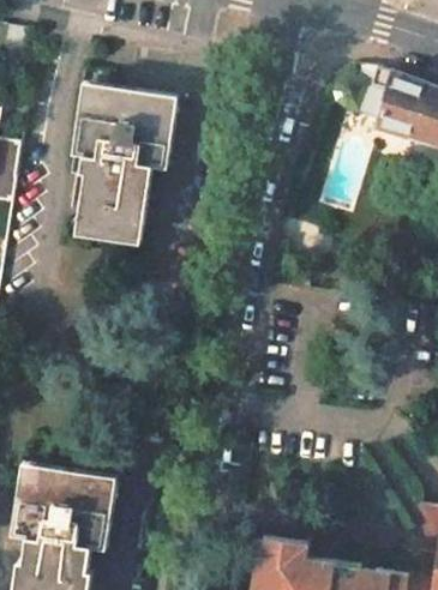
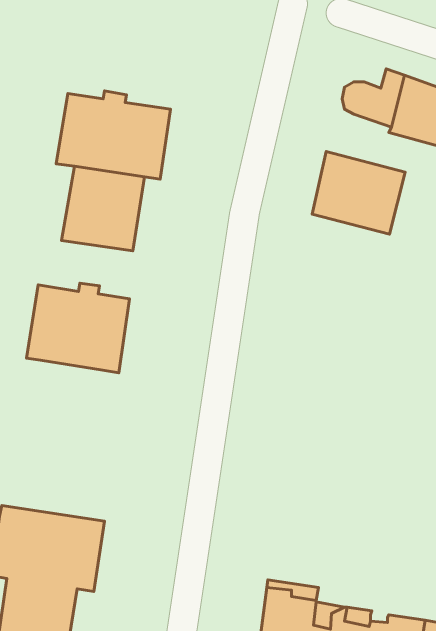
building: none -> [312,152,405,234]
building: none -> [27,283,129,373]

